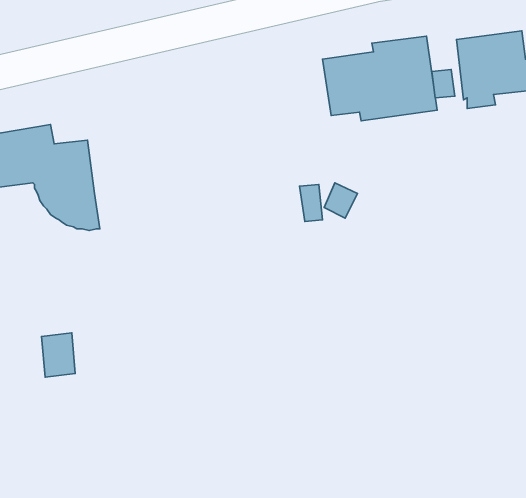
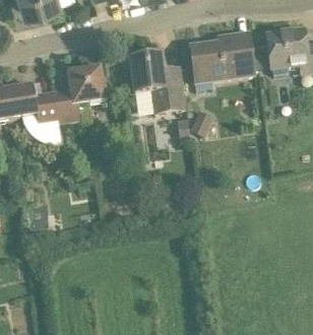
building: none -> [128,58,185,118]
building: none -> [53,71,106,127]

